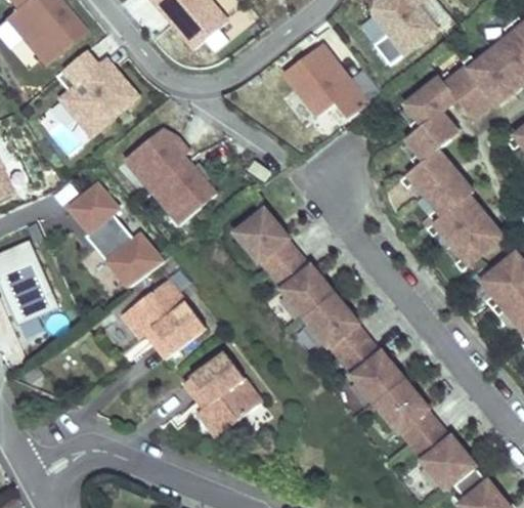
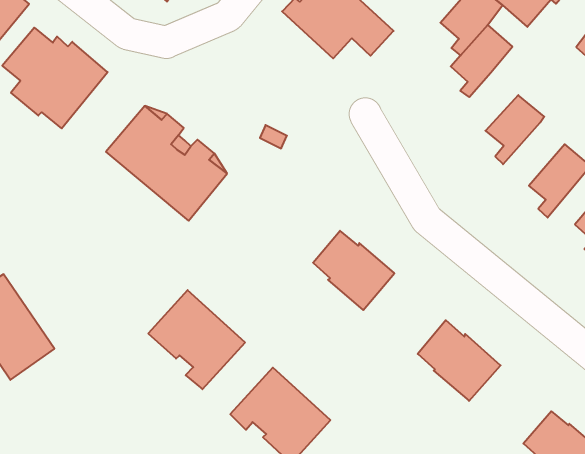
building: [401,149,456,194] -> none
building: [69,182,163,287] -> none
building: [428,195,486,243] -> none
building: [235,208,298,273] -> none
building: [305,293,368,359] -> none
building: [376,380,439,444] -> none

